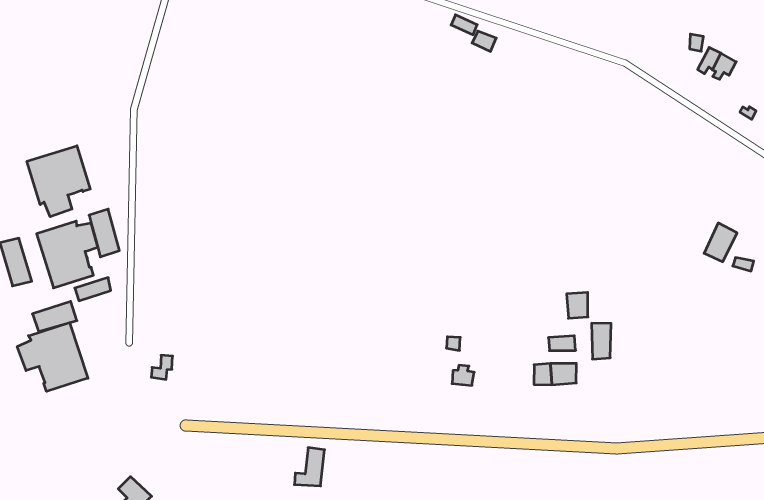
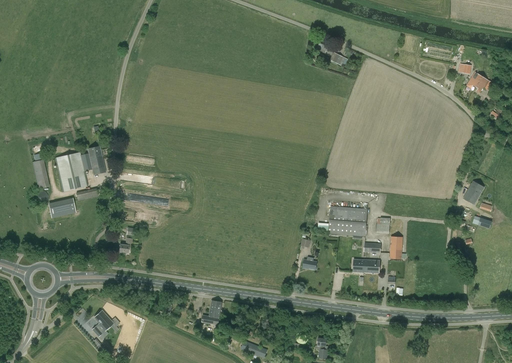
building: [27,146,90,217] -> none
building: none -> [329,206,367,235]
building: [17,323,88,391] -> none

